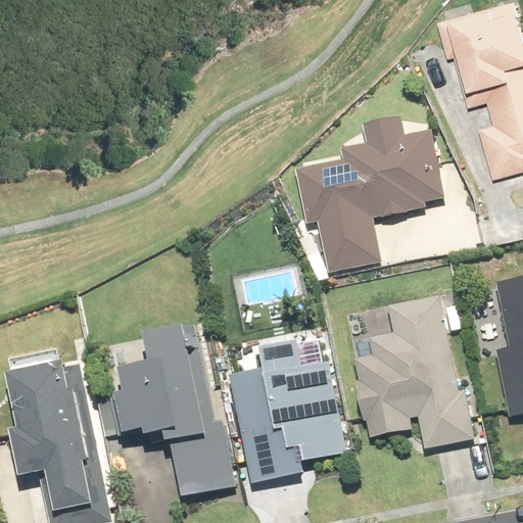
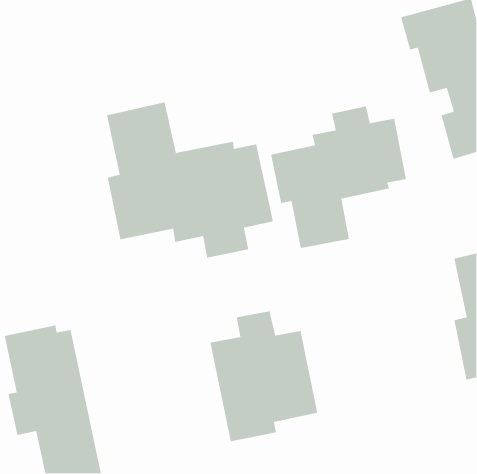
building: none -> [106,101,274,258]
building: [353,295,475,448] -> none
building: [113,324,237,497] -> none

